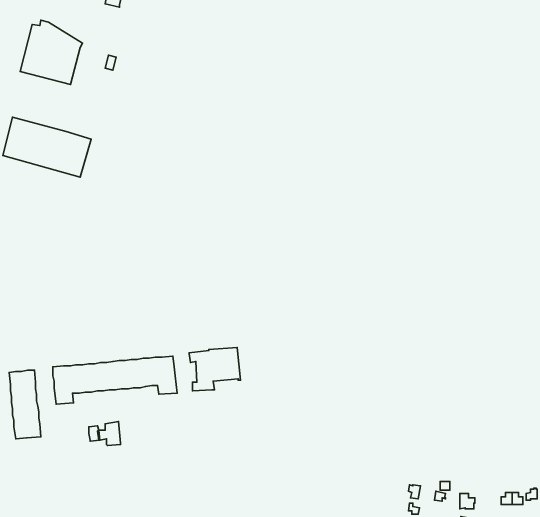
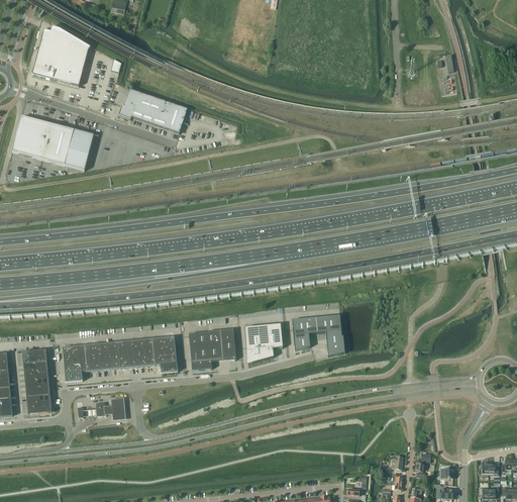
building: none -> [118,89,187,132]
building: none -> [292,314,344,356]
building: none -> [244,323,283,363]

